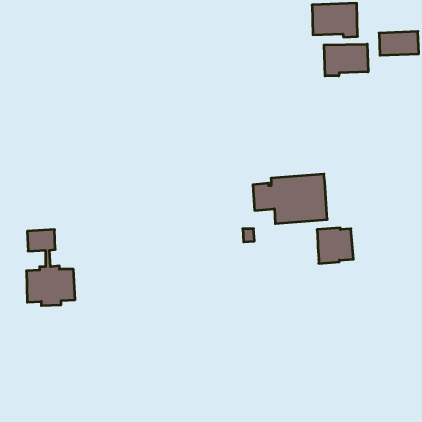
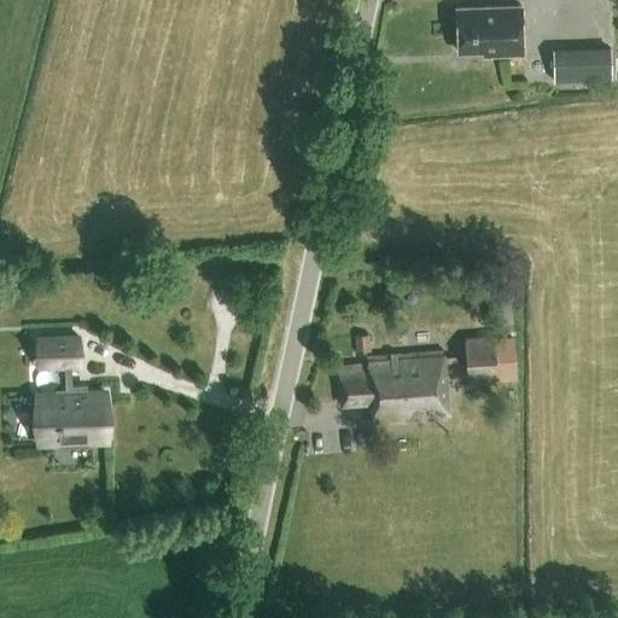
building: [324,44,368,76] -> none
building: [253,174,327,224] -> [339,351,448,424]

